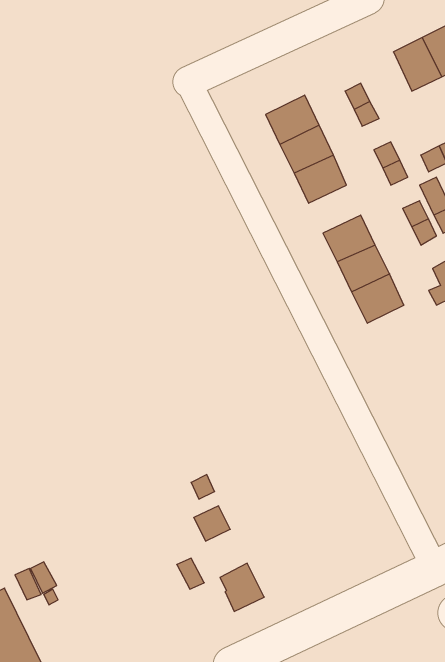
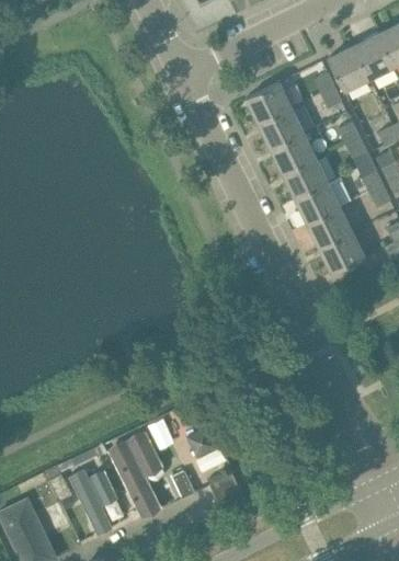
building: none -> [328,46,369,91]
building: none -> [283,158,327,198]
building: none -> [109,432,163,516]
building: none -> [70,469,117,535]

